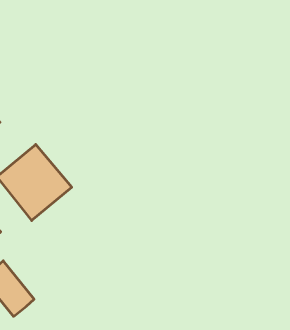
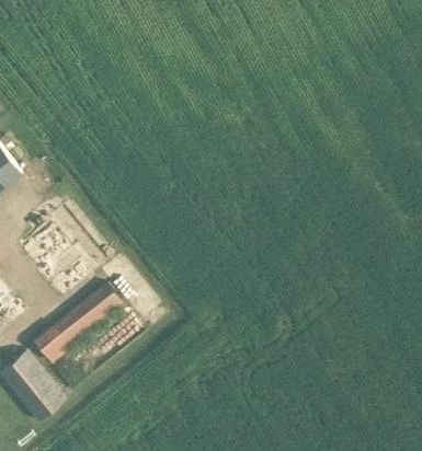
building: none -> [33,284,124,362]

